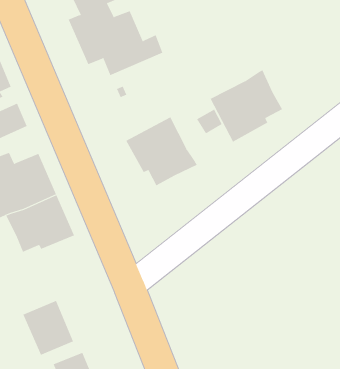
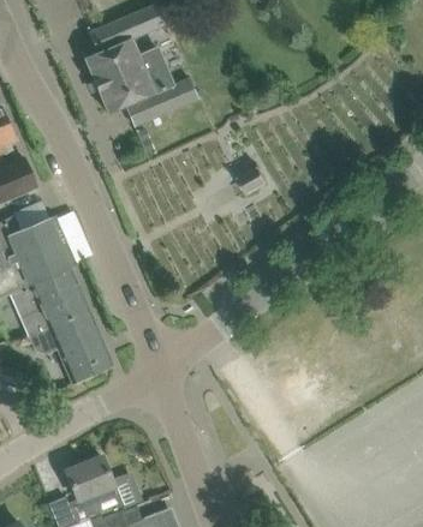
building: [210,69,283,143] -> none
building: [125,117,198,186] -> none
building: [22,300,74,356] -> [52,317,113,383]

